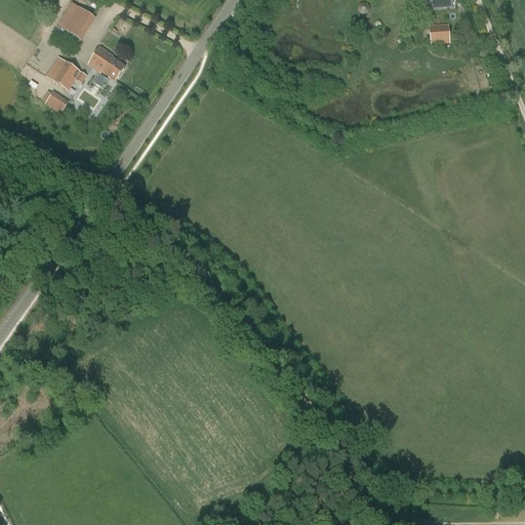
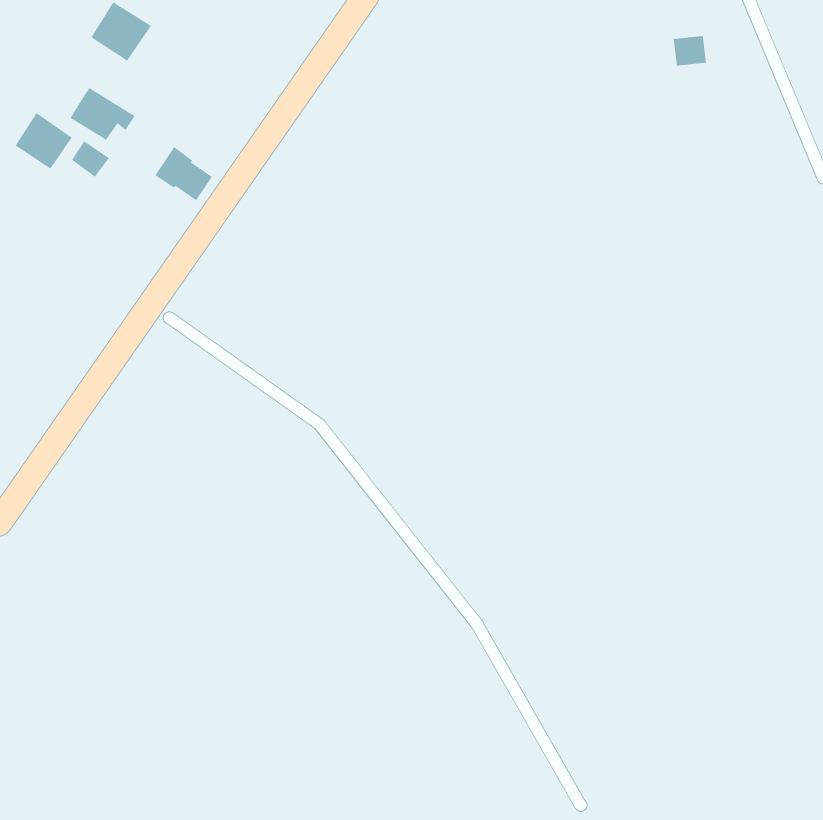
building: [87,45,124,80] -> [155,146,213,201]
building: none -> [15,112,73,170]

